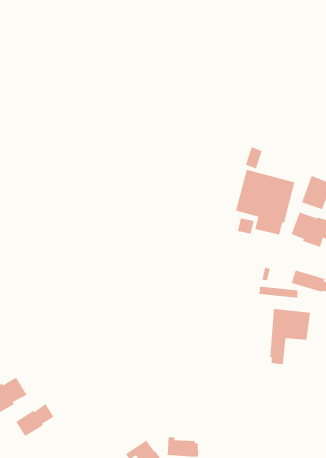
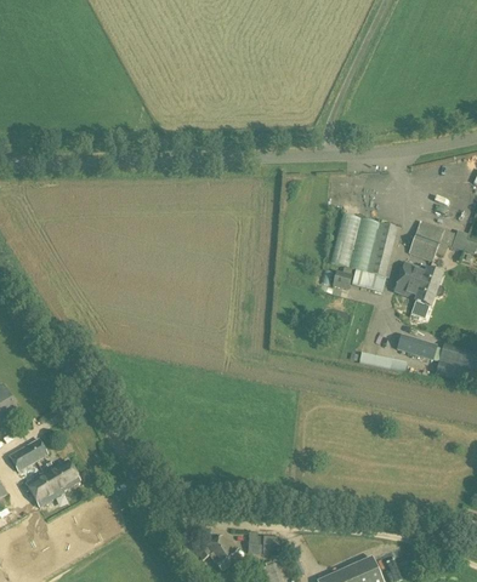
building: [270,308,311,365] -> none
building: [16,403,54,437] -> none

